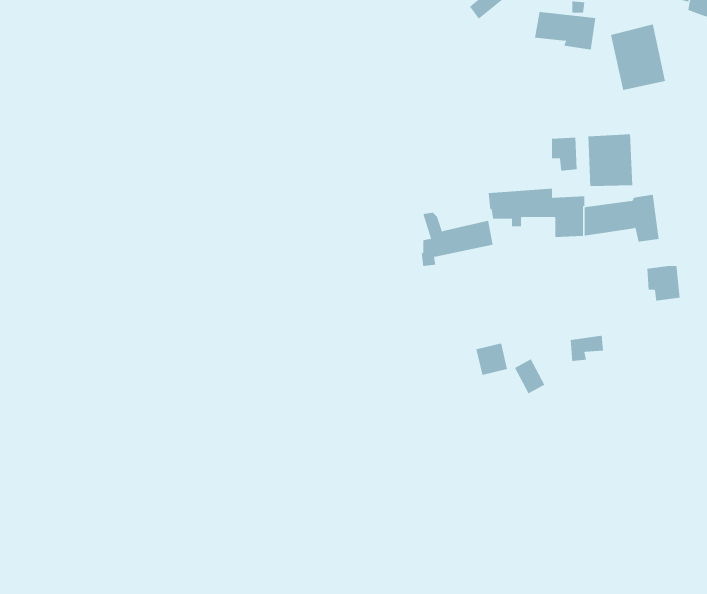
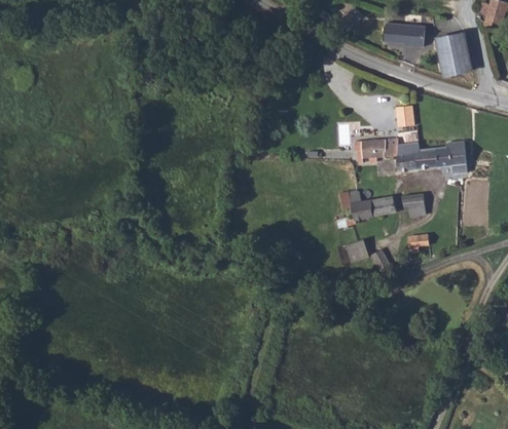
building: [588,134,633,187] -> none
building: [421,212,494,266] -> [347,191,395,227]
building: [646,265,680,301] -> [403,194,426,218]

